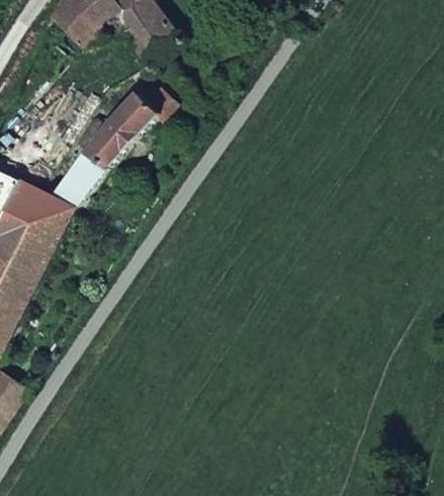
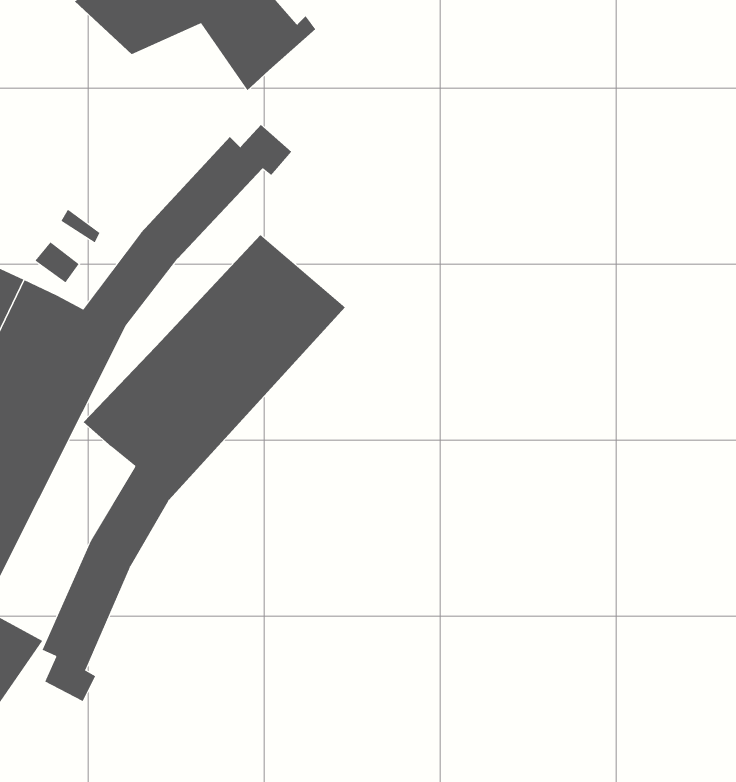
building: none -> [42,234,346,702]

